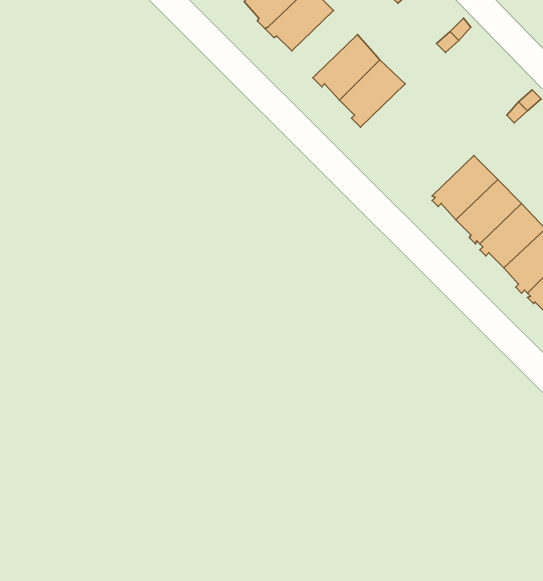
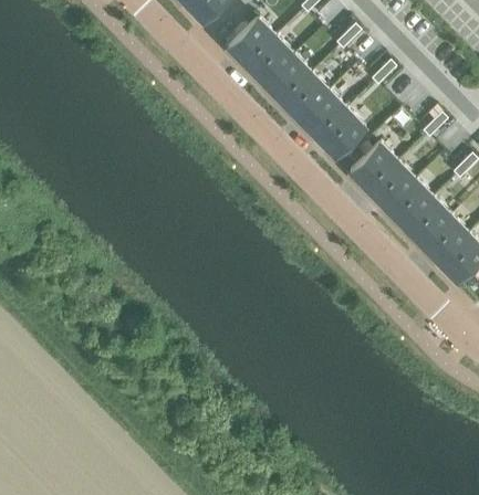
building: none -> [263,54,312,104]
building: none -> [314,108,365,157]
building: none -> [350,143,398,191]

